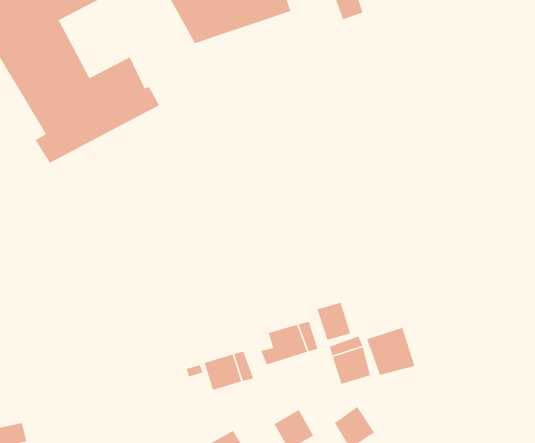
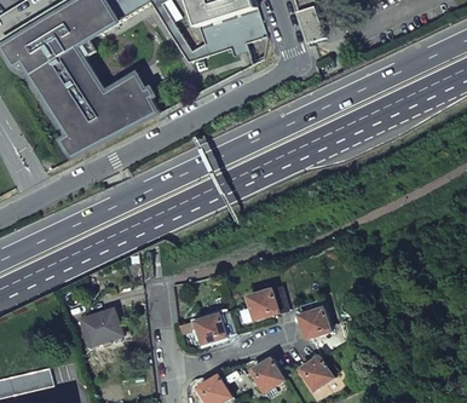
building: [317,302,351,341] -> none
building: [366,327,415,377] -> none
building: none -> [80,306,121,345]

